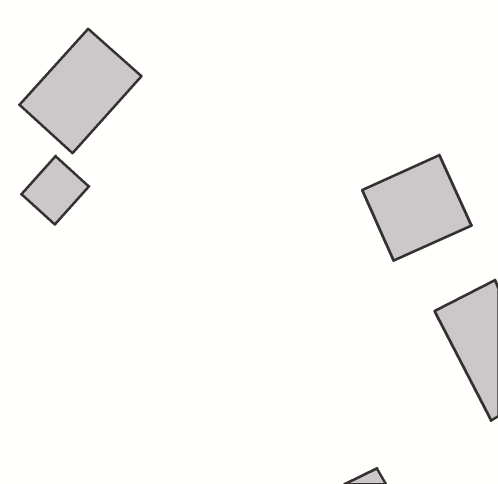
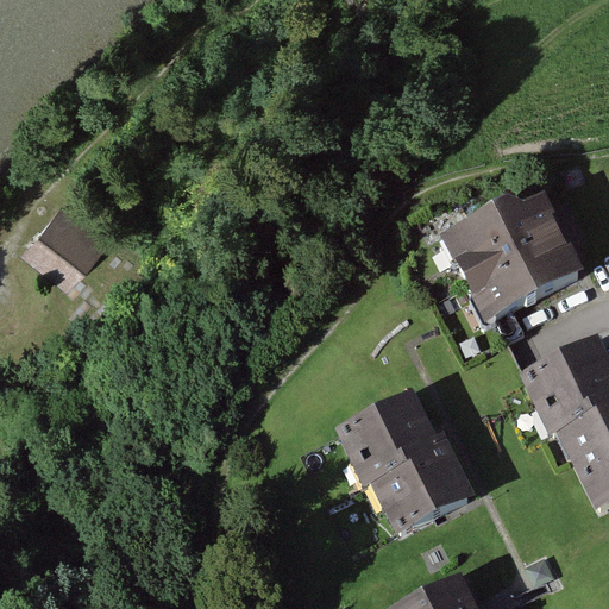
building: [19,29,141,153] -> none
building: none -> [339,393,467,535]

